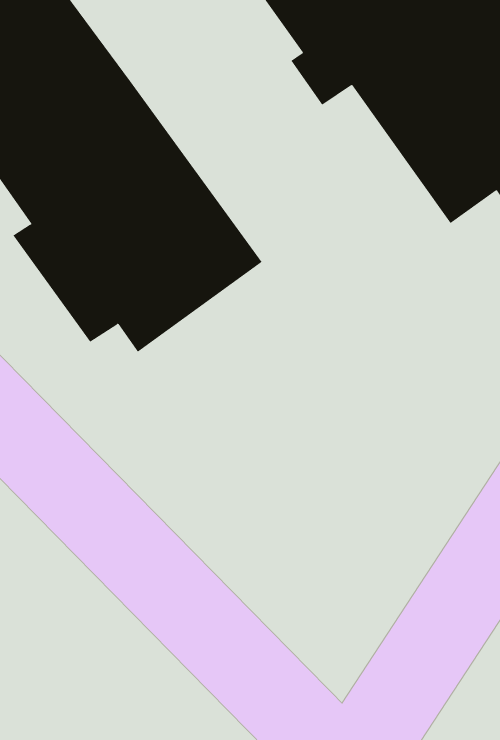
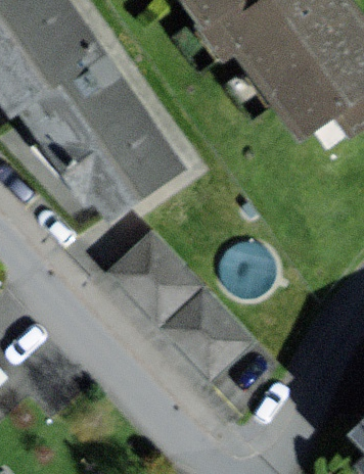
building: none -> [101,216,258,377]

